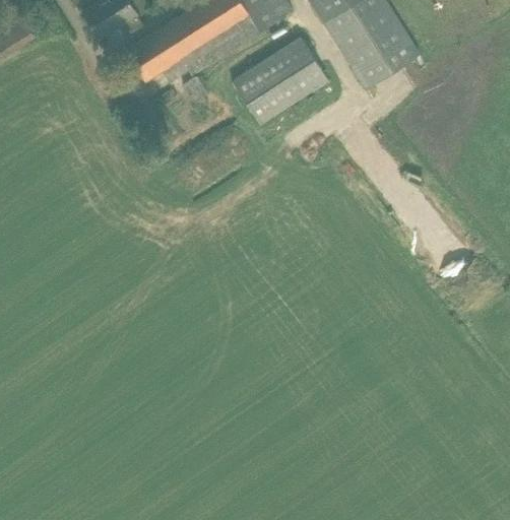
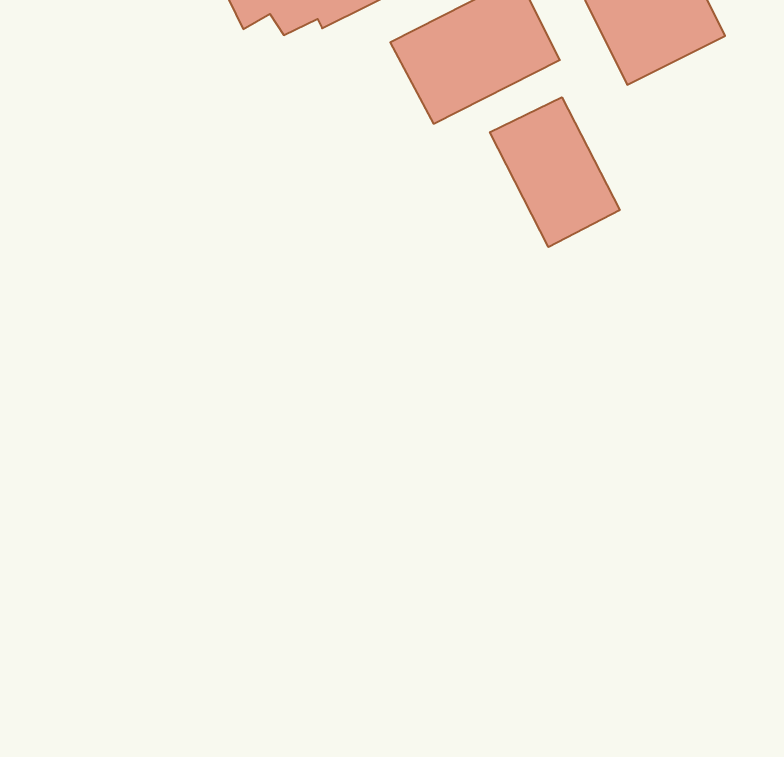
building: none -> [490,97,620,247]

